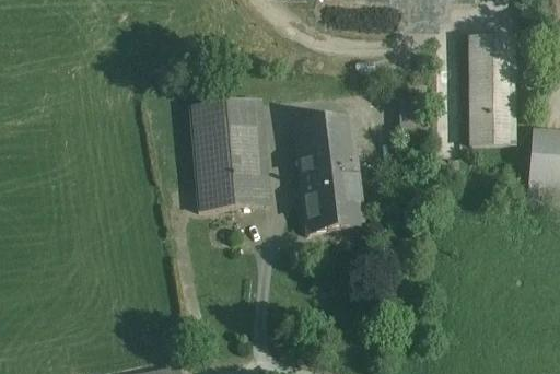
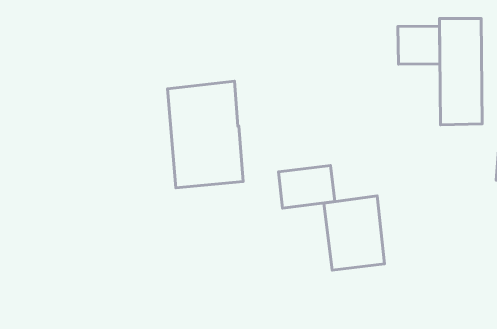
building: none -> [398,26,440,64]
building: [296,116,359,192] -> [324,196,385,270]

